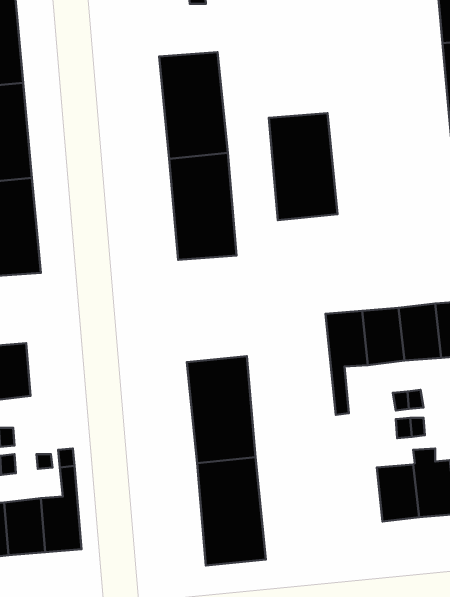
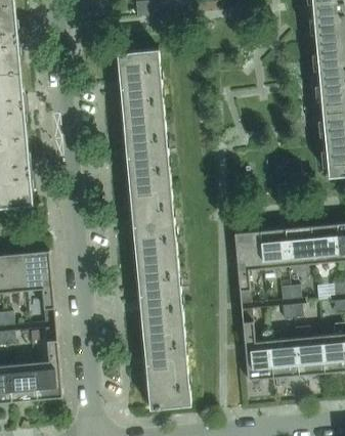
building: [269,113,338,220] -> [130,191,178,266]
building: none -> [24,250,55,321]
building: none -> [241,308,273,380]

